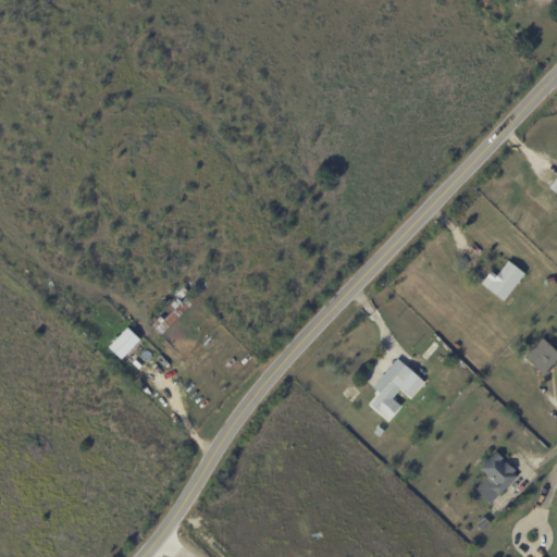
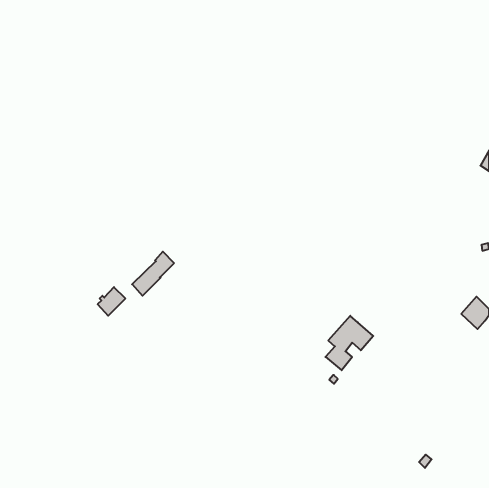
building: [482,260,525,301] -> none
building: [474,450,516,503] -> none

